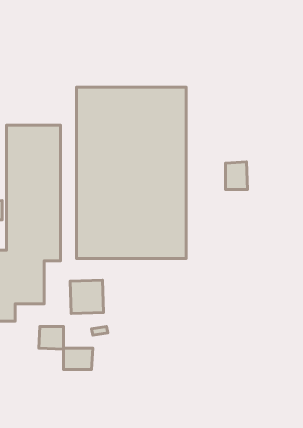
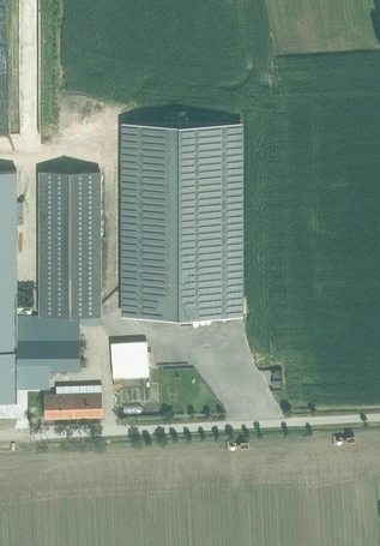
building: [226,162,247,190] -> none
building: [64,348,93,370] -> [44,394,77,418]

